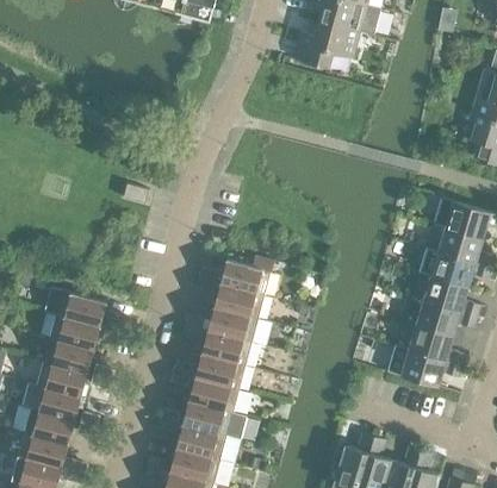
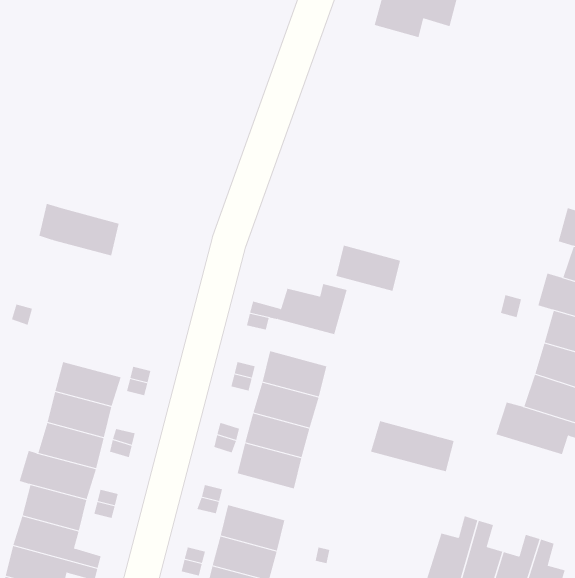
building: [213,282,263,318] -> [335,245,401,292]
building: [44,286,106,326] -> [39,203,120,256]
building: [181,400,246,439] -> [370,421,454,472]

